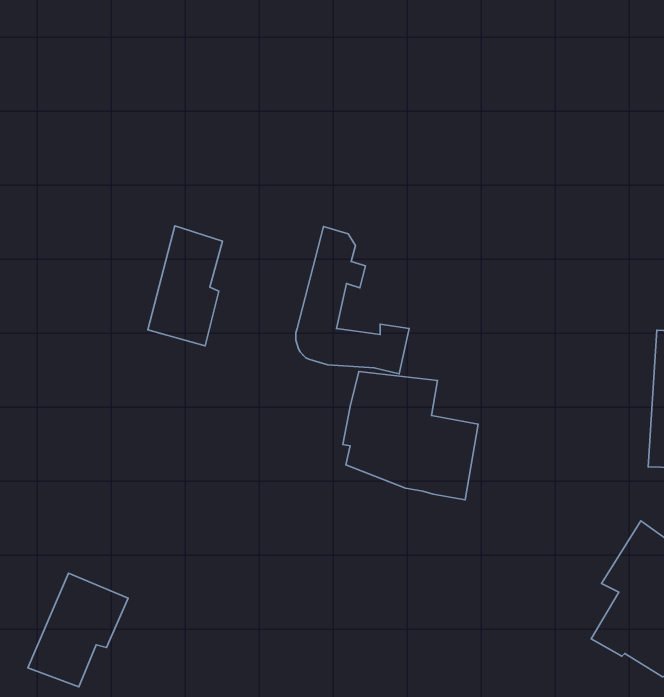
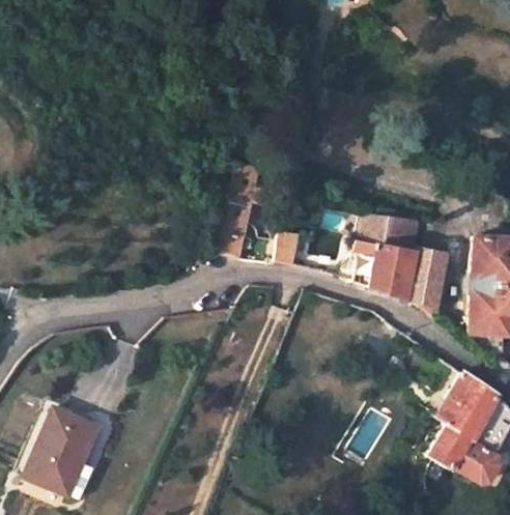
building: [148,226,223,346] -> none
building: [343,372,478,500] -> [350,216,447,307]

